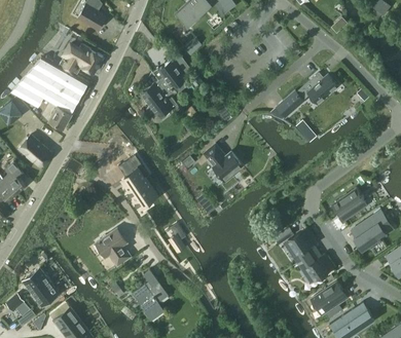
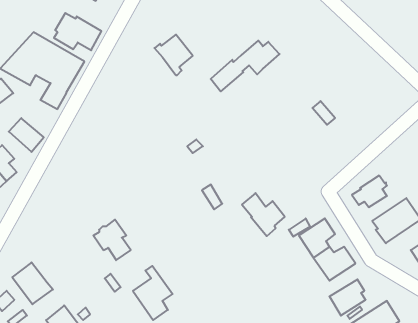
building: [275,73,337,119] -> [211,41,280,91]
building: [140,80,179,118] -> none
building: [203,144,242,183] -> [242,193,285,236]
building: [122,155,150,208] -> none

